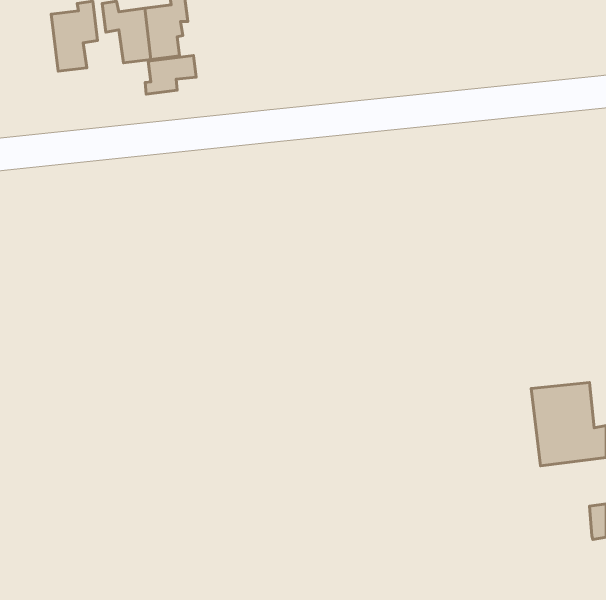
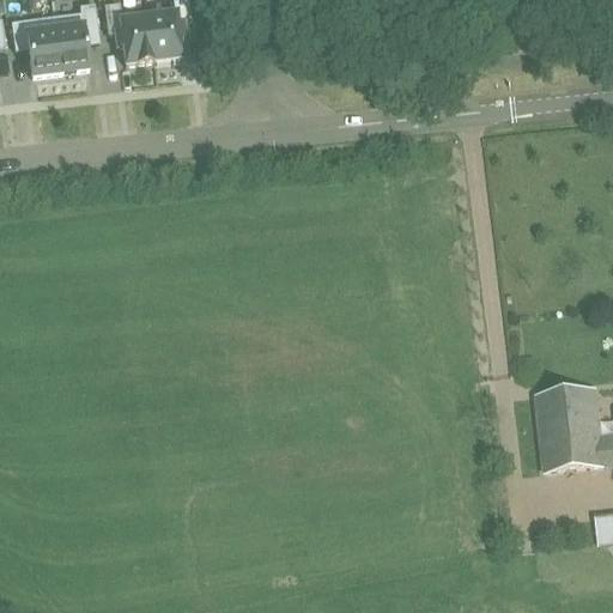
building: none -> [10,14,59,75]
building: [145,55,196,94] -> none

